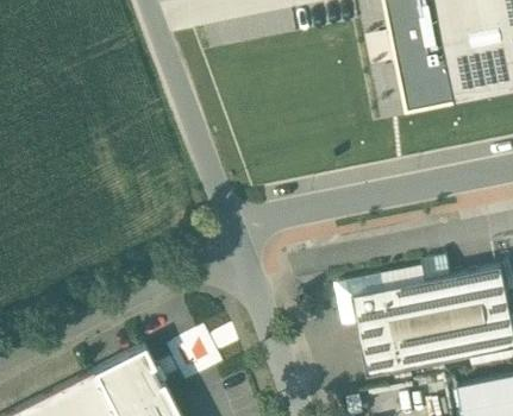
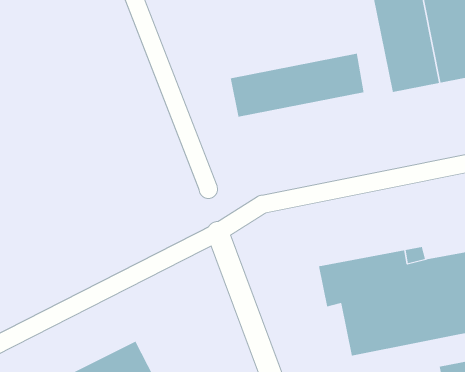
building: none -> [230,53,364,117]

